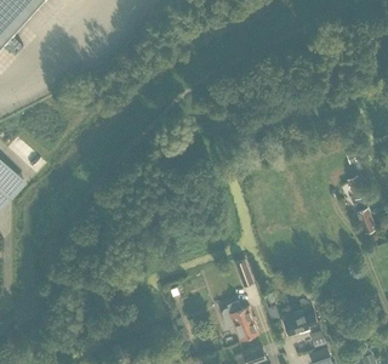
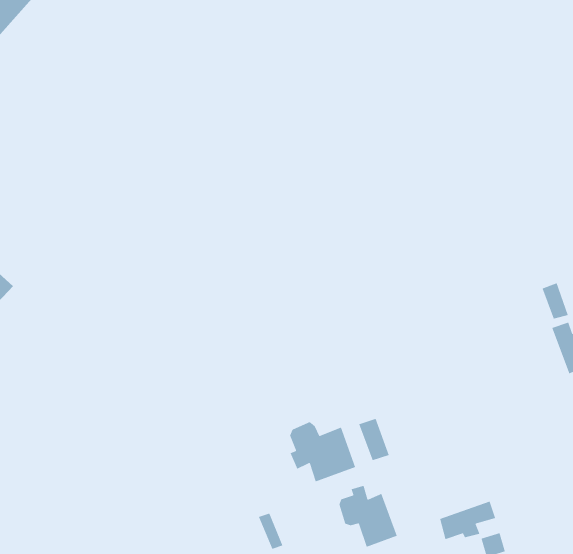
building: none -> [289,421,356,482]

